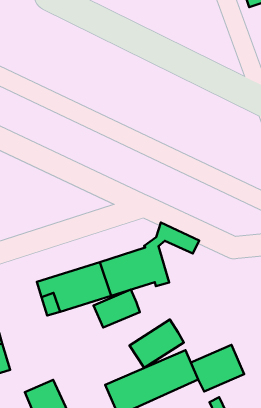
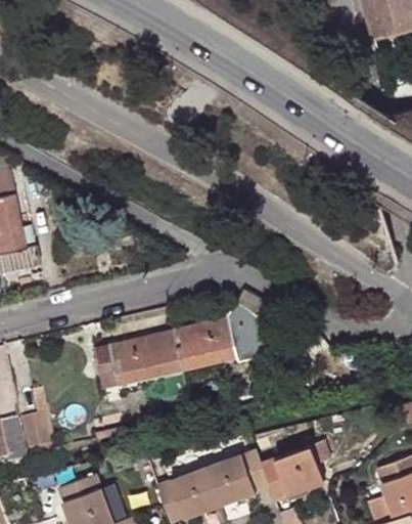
building: [93,290,140,328] -> none
building: [130,319,184,368] -> none

